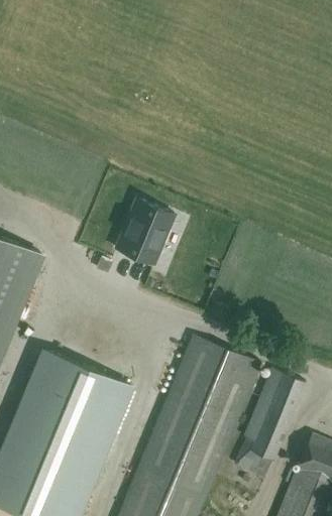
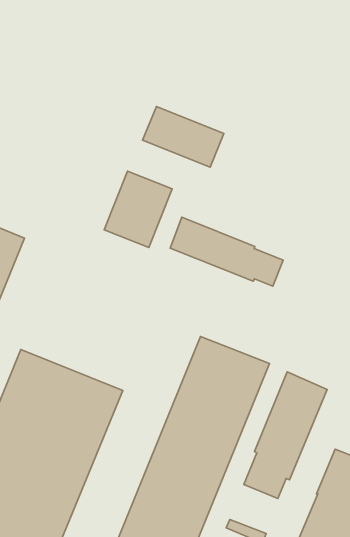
building: none -> [143,107,224,167]
building: none -> [170,217,283,286]

